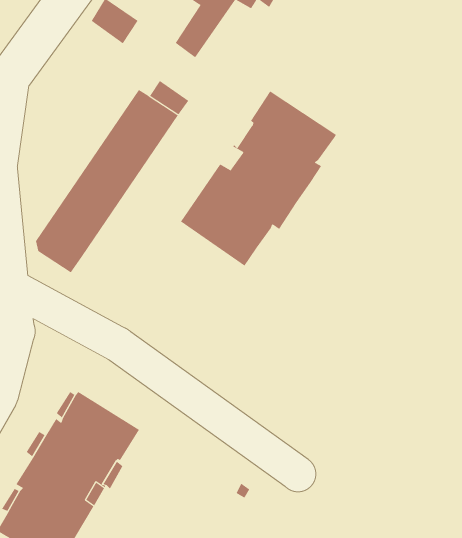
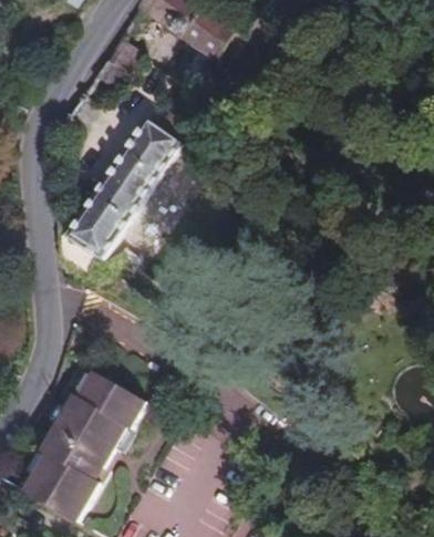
building: [180,91,337,266] -> none

